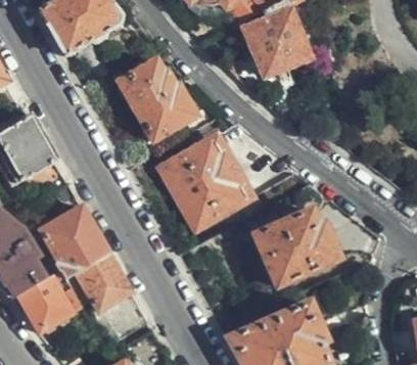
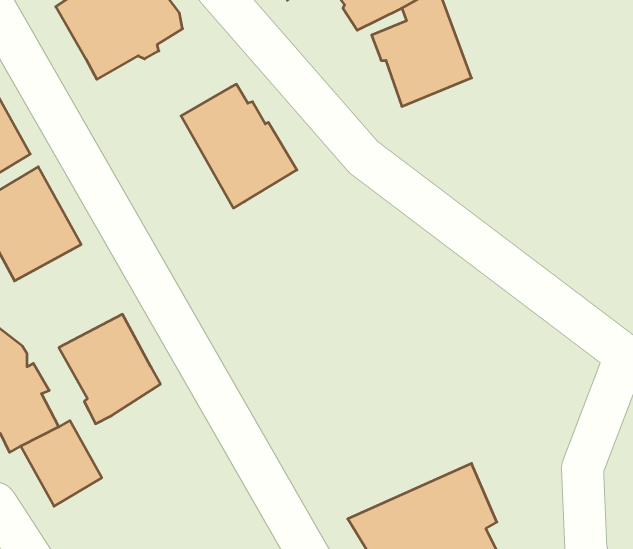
building: [160,138,250,232] -> none
building: [256,212,332,287] -> none
building: [76,254,146,337] -> none

